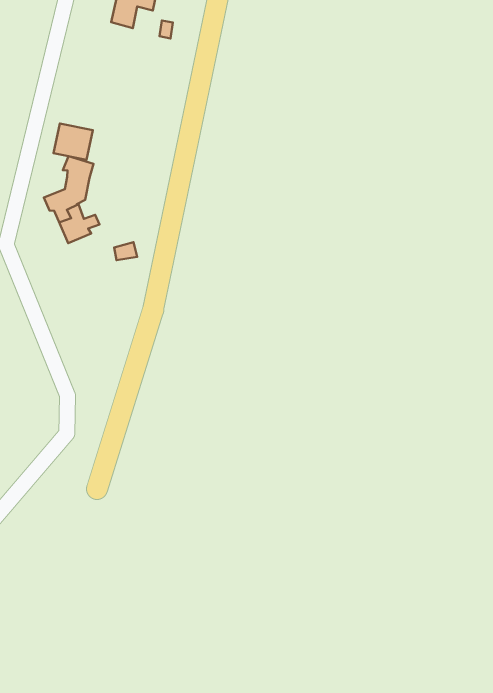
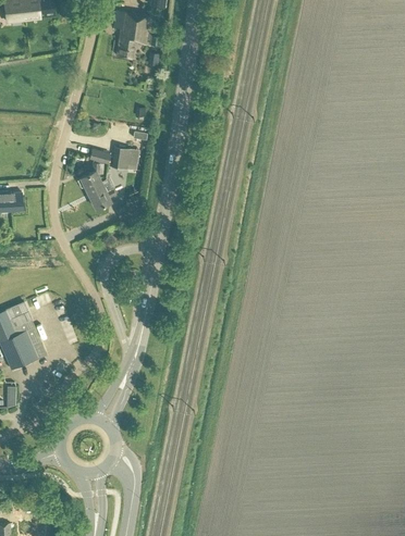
building: [53,123,93,160] -> [111,147,137,171]

